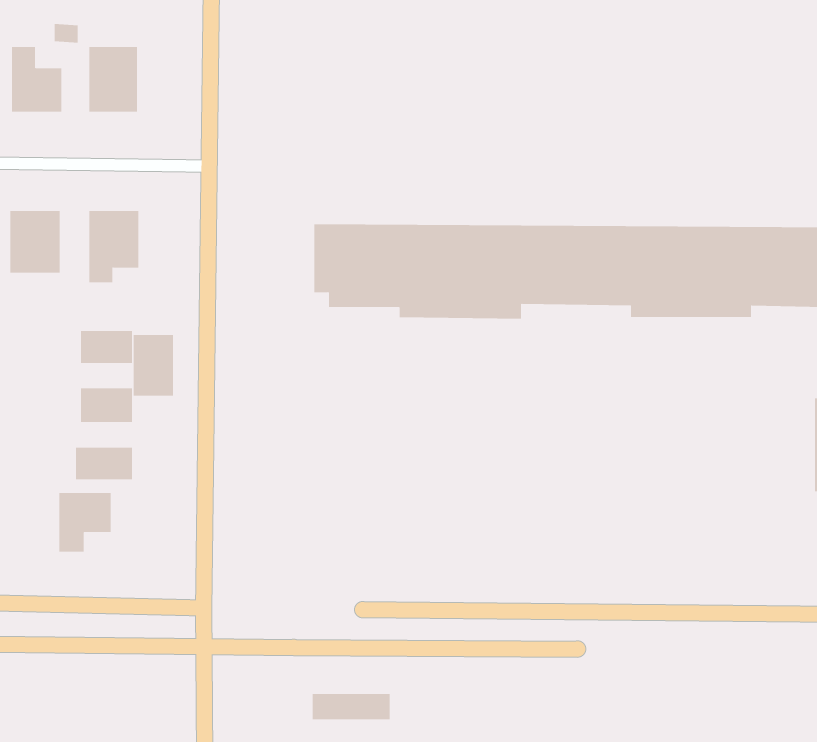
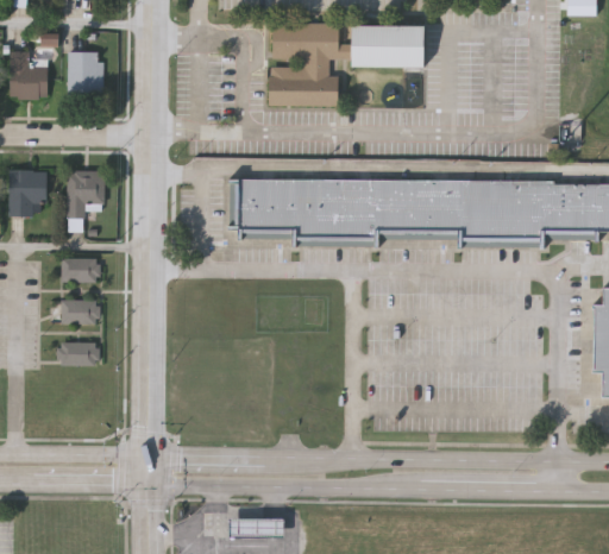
building: none -> [271,23,426,106]
building: [133,334,174,397] -> none
building: [59,492,111,552] -> none

